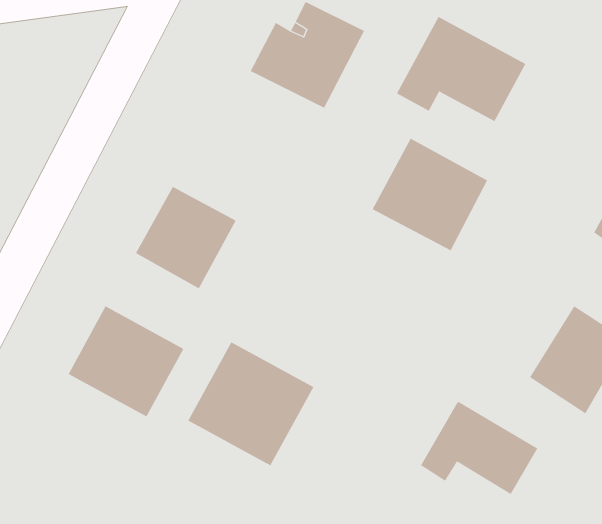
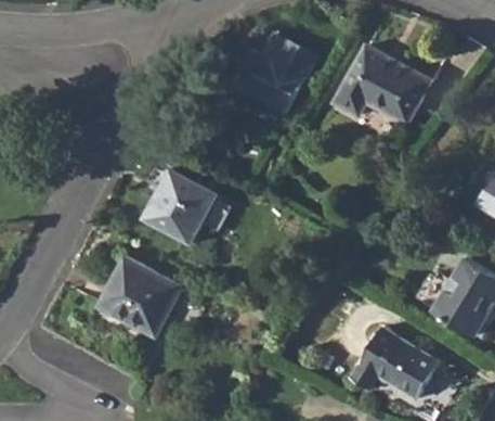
building: [372,138,488,251] -> none
building: [187,342,314,466] -> none

